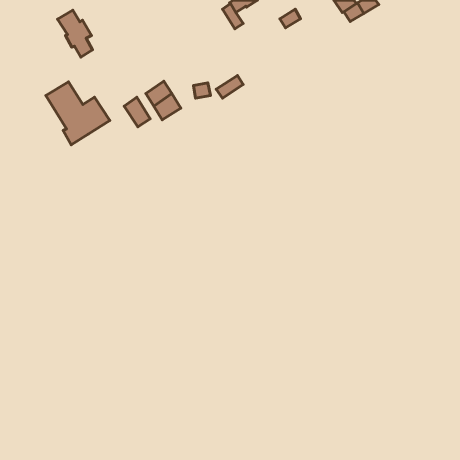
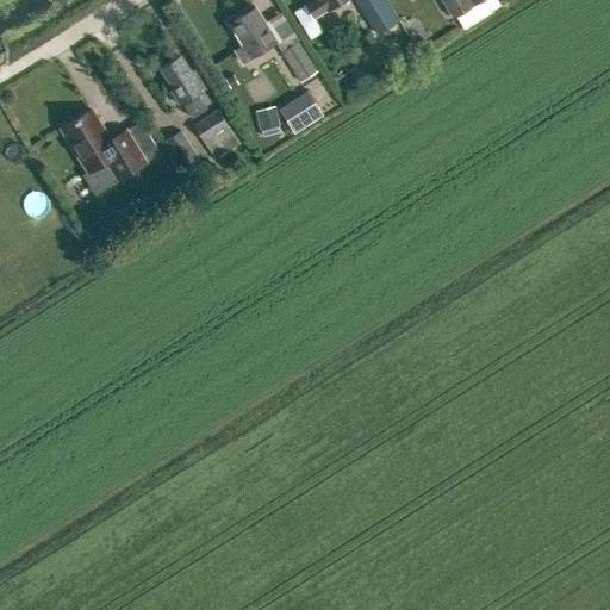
building: none -> [229,6,276,62]
building: [57,10,93,57] -> [160,55,206,117]
building: none -> [280,39,318,81]

